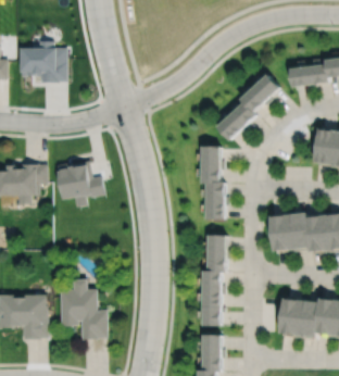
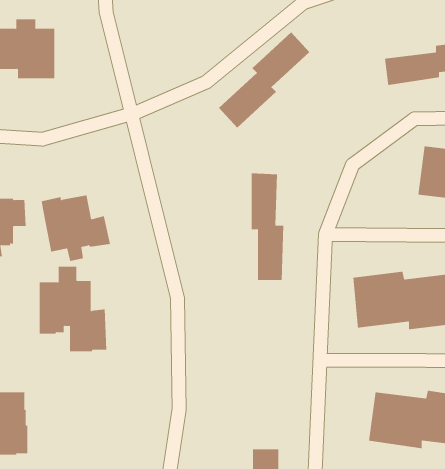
building: [216,73,279,139] -> [218,32,310,128]
building: [201,237,224,327] -> none
building: [61,280,108,339] -> [39,266,107,352]

